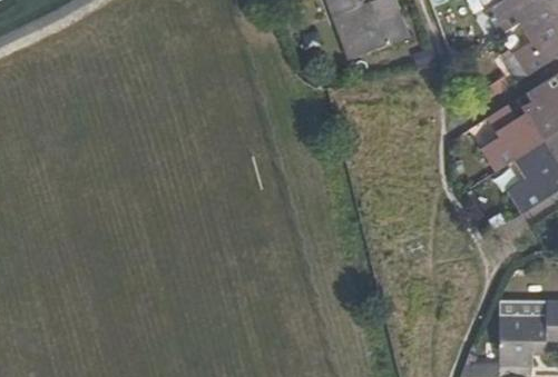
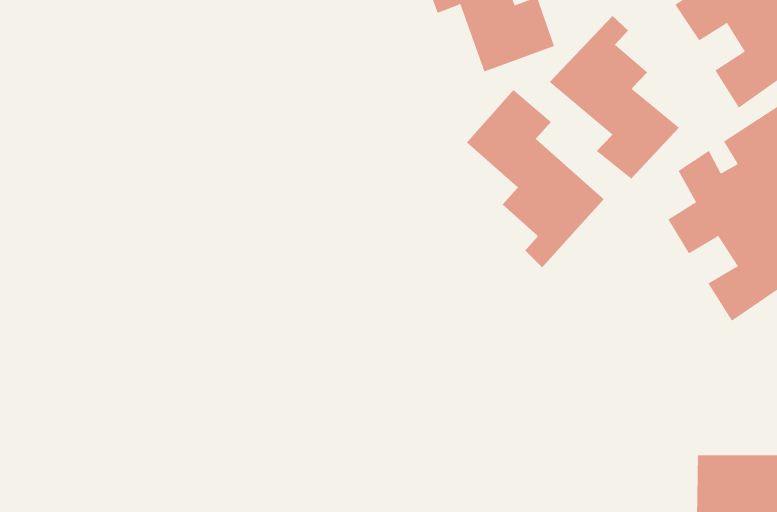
building: none -> [549,15,680,180]
building: none -> [466,89,605,268]

